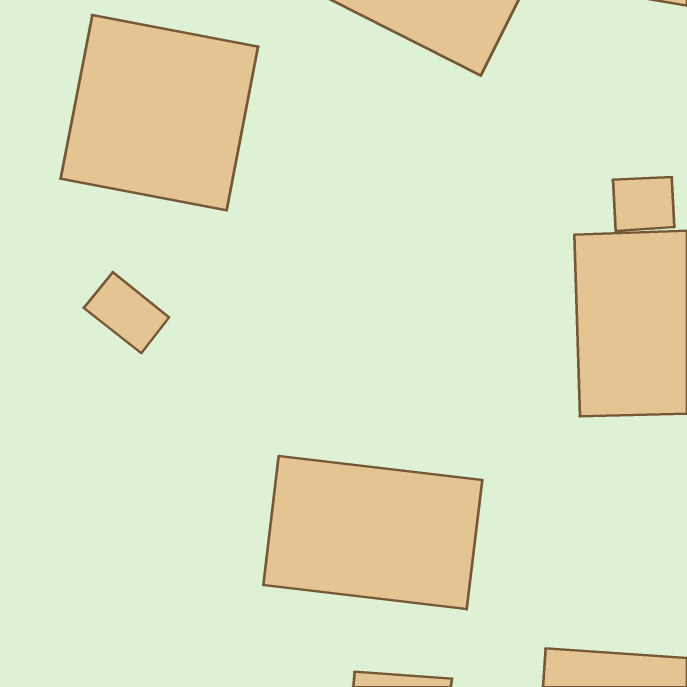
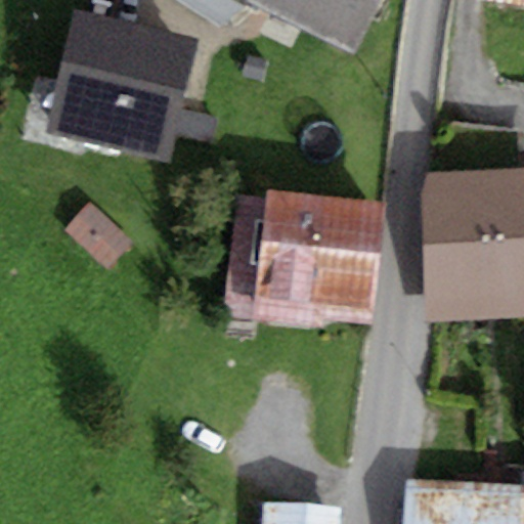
building: none -> [230,191,382,324]
building: [263,456,482,609] -> none

